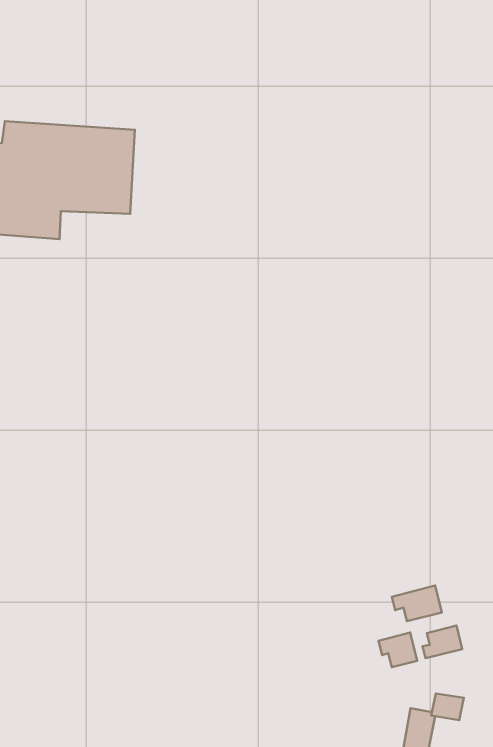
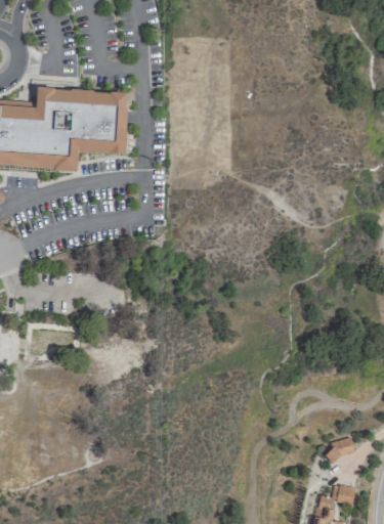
building: [392,586,442,621] -> none
building: [378,632,417,667] -> none

